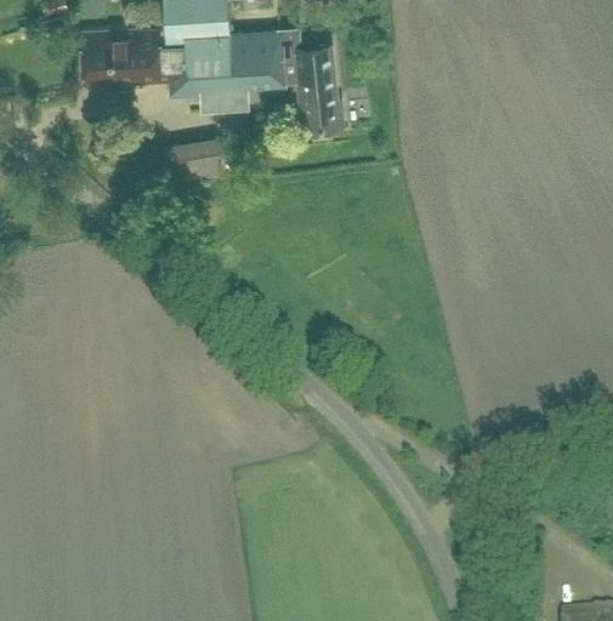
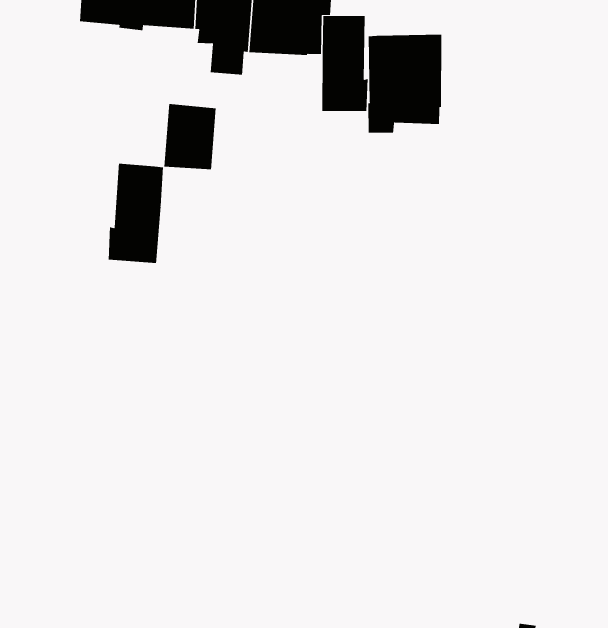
building: none -> [368,34,442,134]
building: none -> [108,163,164,264]

